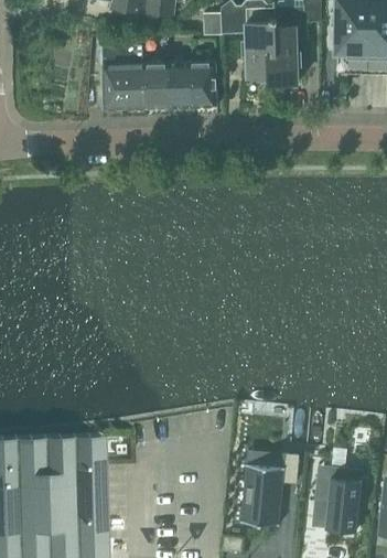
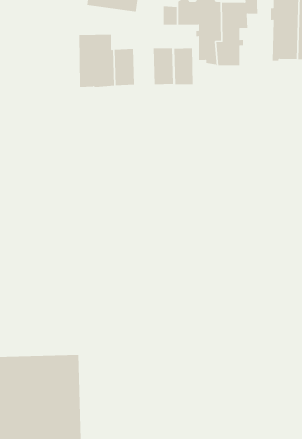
building: [169,63,193,108] -> [174,48,194,85]
building: [240,455,298,527] -> none
building: [314,469,363,533] -> none

